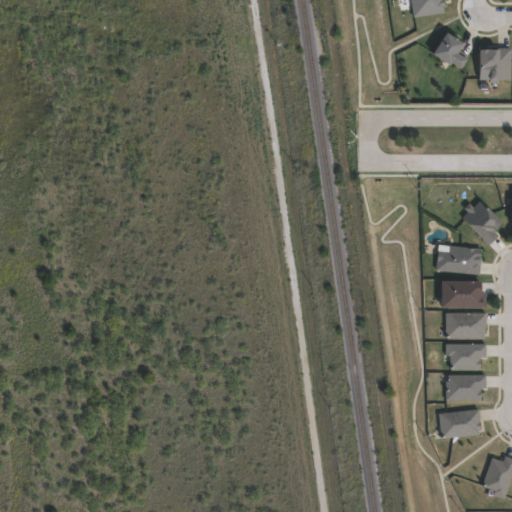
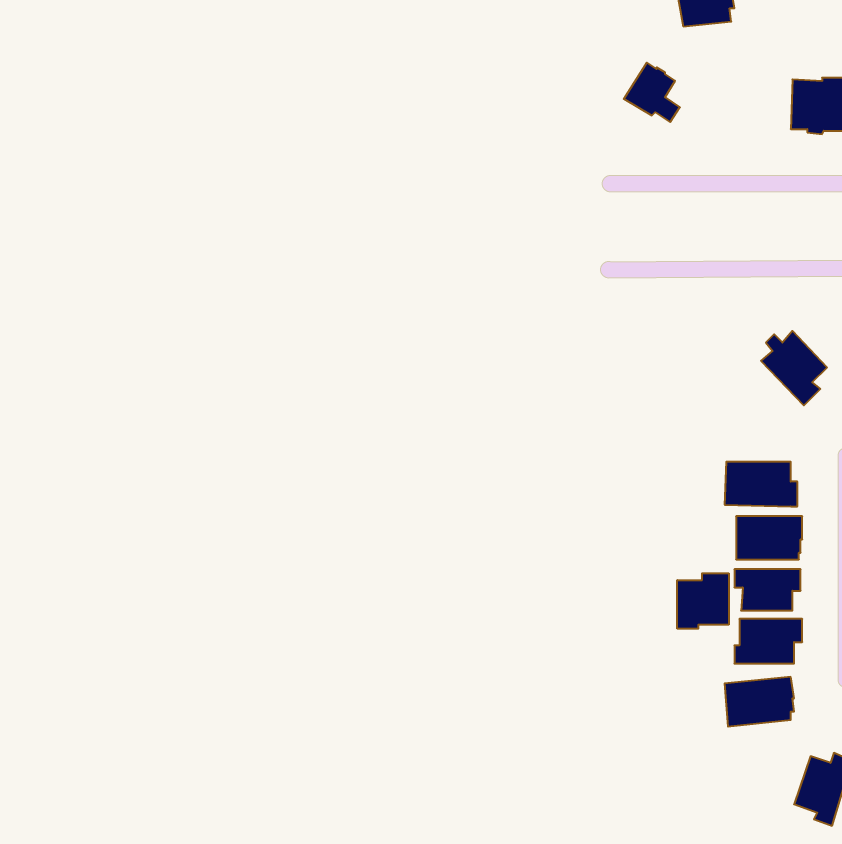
building: [432,31,466,67] -> [624,63,680,122]
building: [437,246,482,274] -> none
building: none -> [677,573,729,629]

